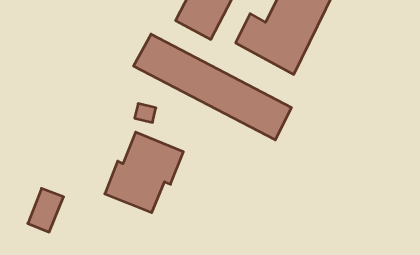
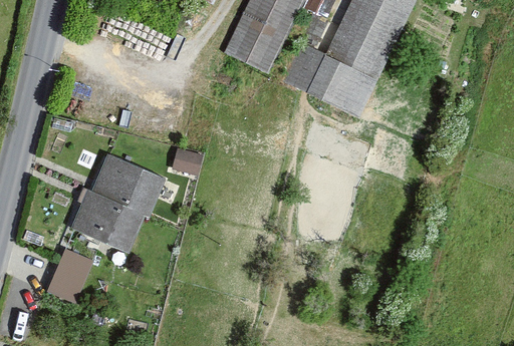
building: [134,34,291,140] -> none
building: [105,132,183,213] -> [69,153,162,248]

